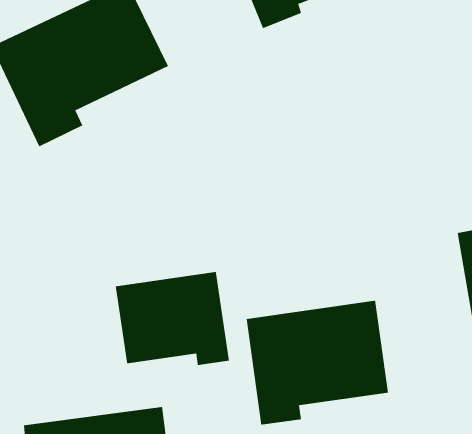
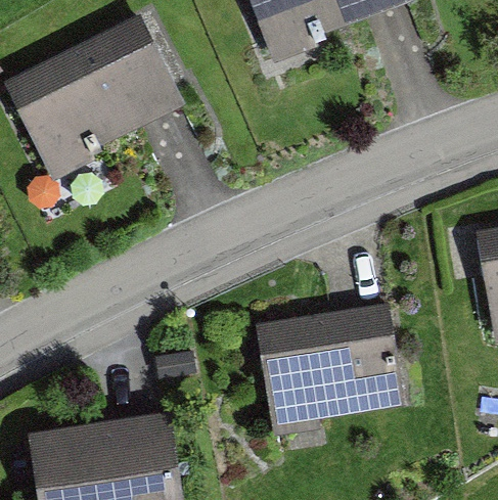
building: [115,271,230,366] -> none

